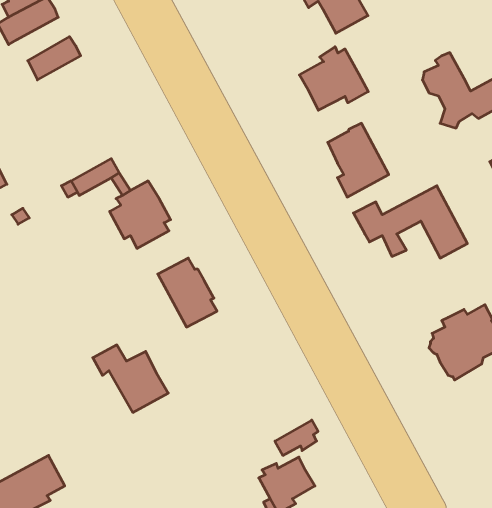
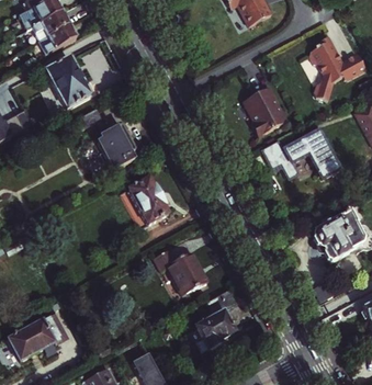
building: none -> [30,14,66,44]
building: [299,47,368,110] -> none
building: none -> [44,60,88,111]
building: [93,345,168,412] -> [154,249,205,295]

